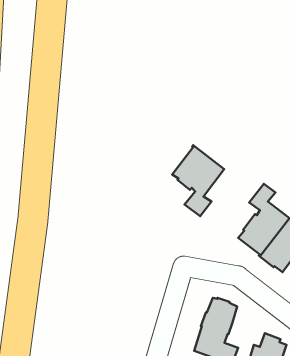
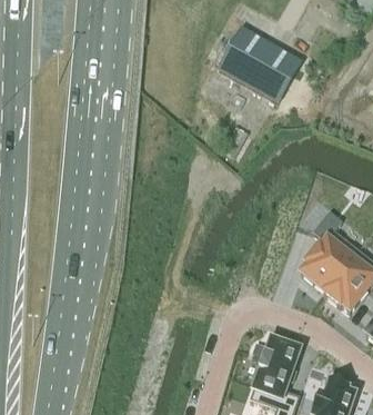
building: none -> [218,27,288,99]
building: [172,145,224,216] -> none

